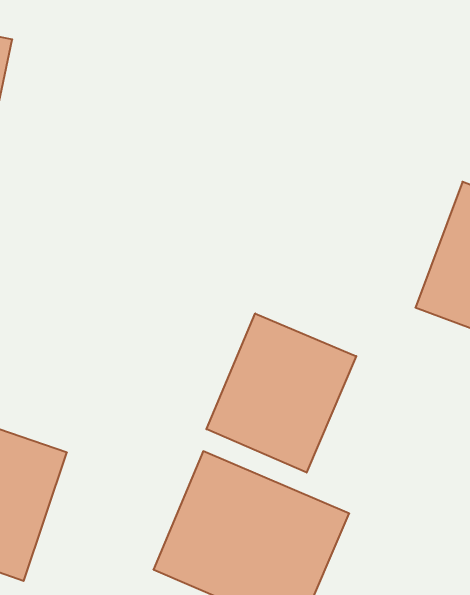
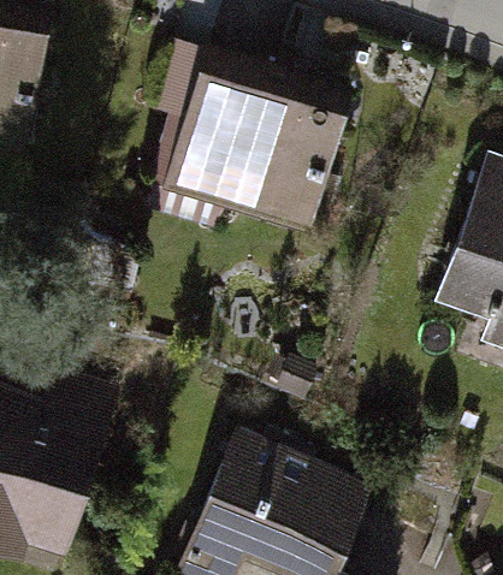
building: none -> [176,77,338,226]
building: [206,313,356,473] -> none

